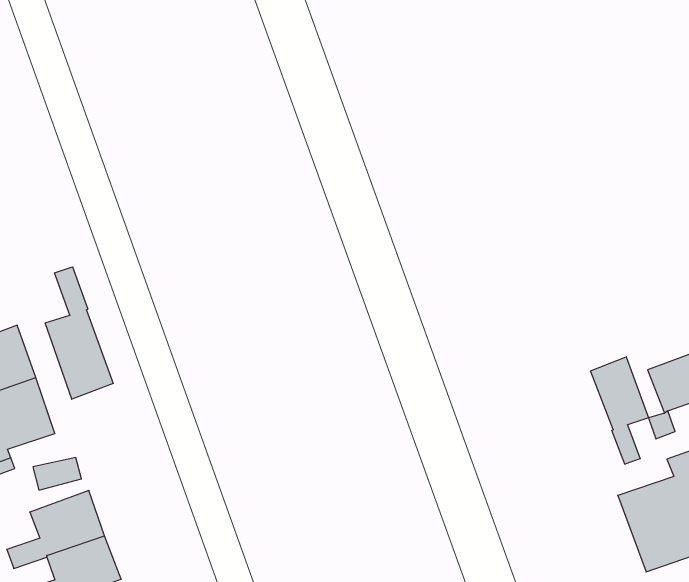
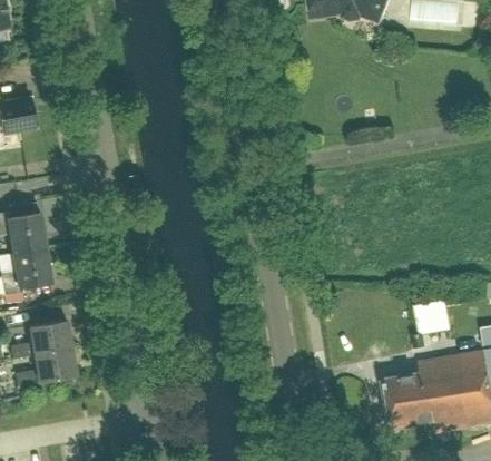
building: [45,267,113,399] -> none
building: [590,357,649,464] -> none

